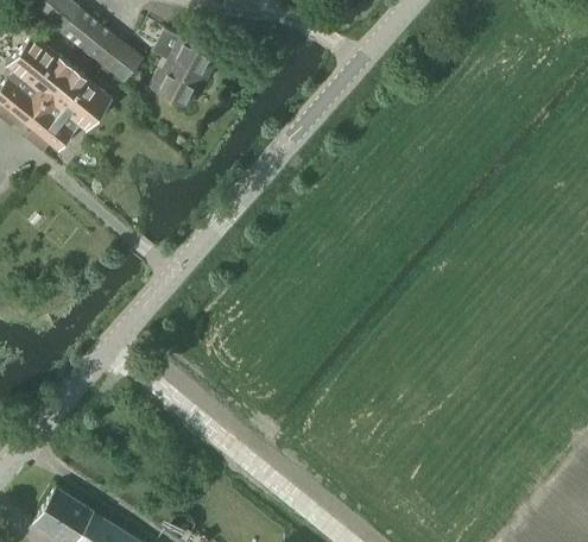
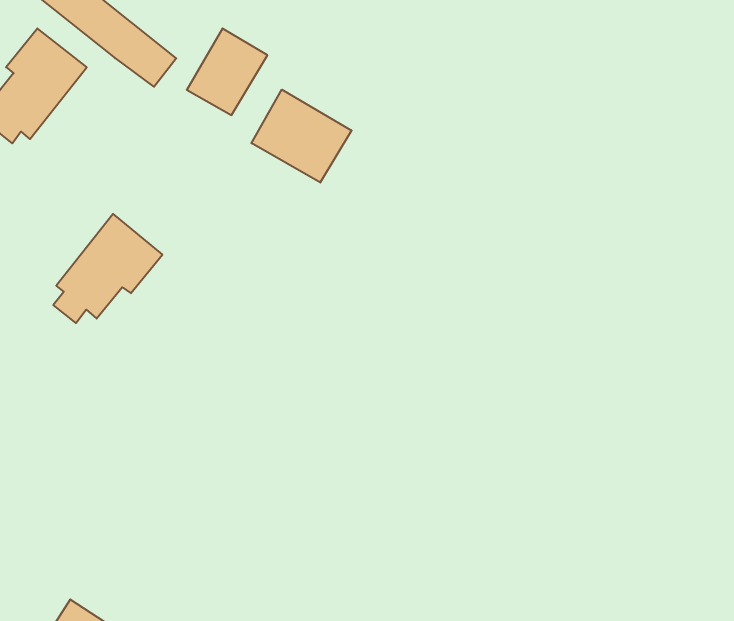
building: [24,67,110,153] -> [53,214,162,323]
building: none -> [251,90,352,183]

